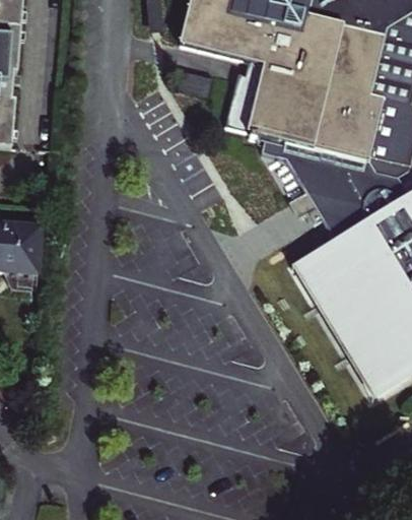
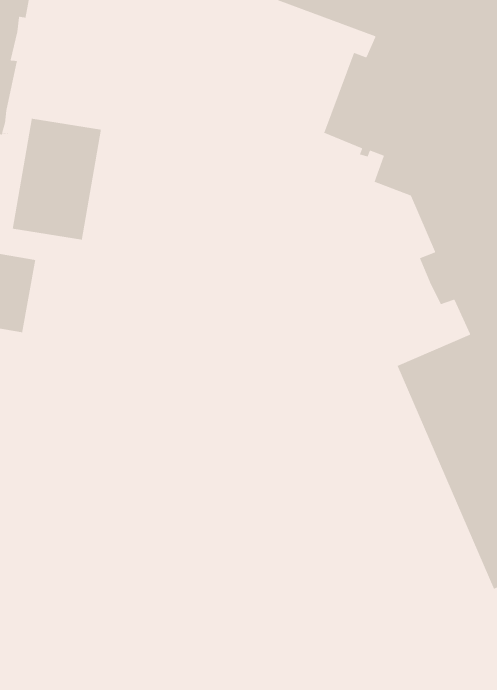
building: none -> [12,118,102,241]

